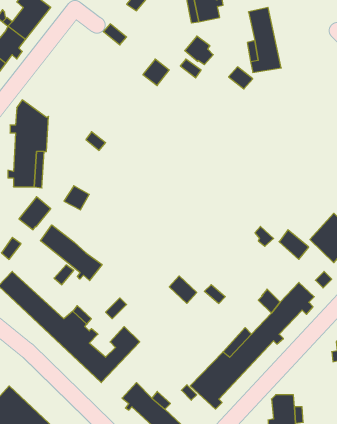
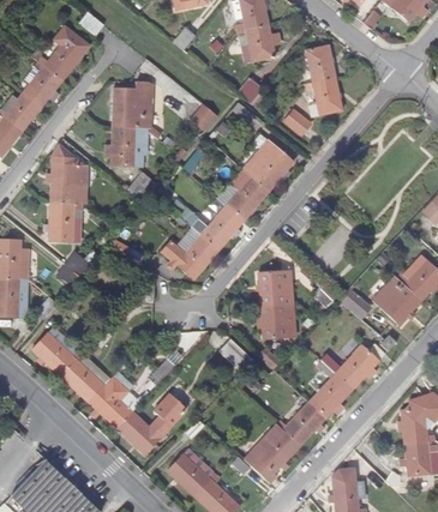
building: none -> [104,83,152,167]
building: none -> [162,139,294,278]
building: none -> [257,272,295,338]
building: [40,225,102,281] -> none

